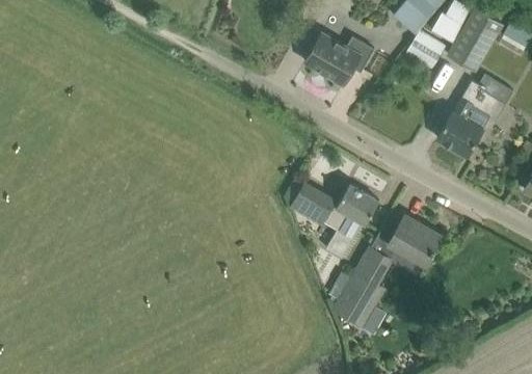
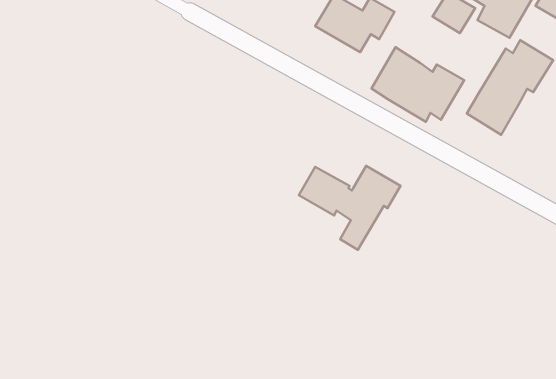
building: none -> [371,47,464,122]
building: [389,215,442,263] -> none
building: [332,247,391,328] -> none

